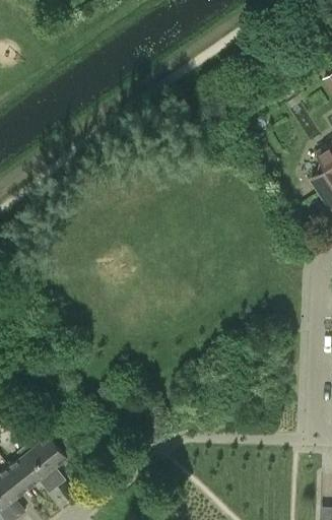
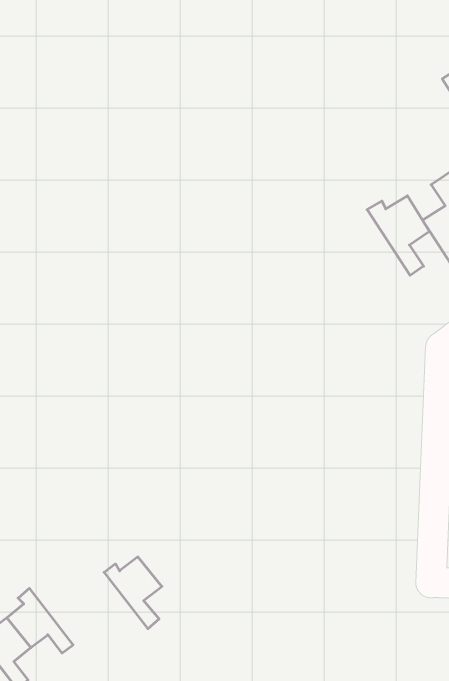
building: none -> [367,196,430,275]
building: [26,434,68,485] -> [104,557,162,629]

